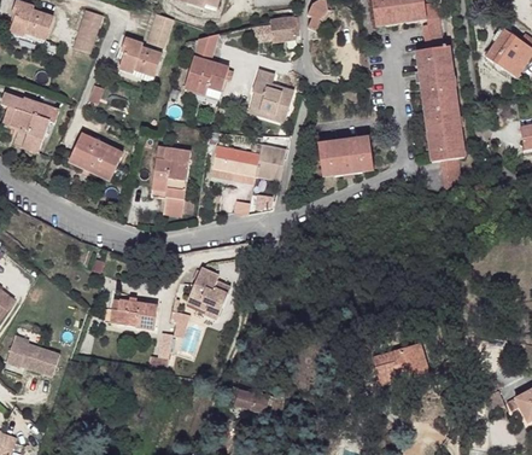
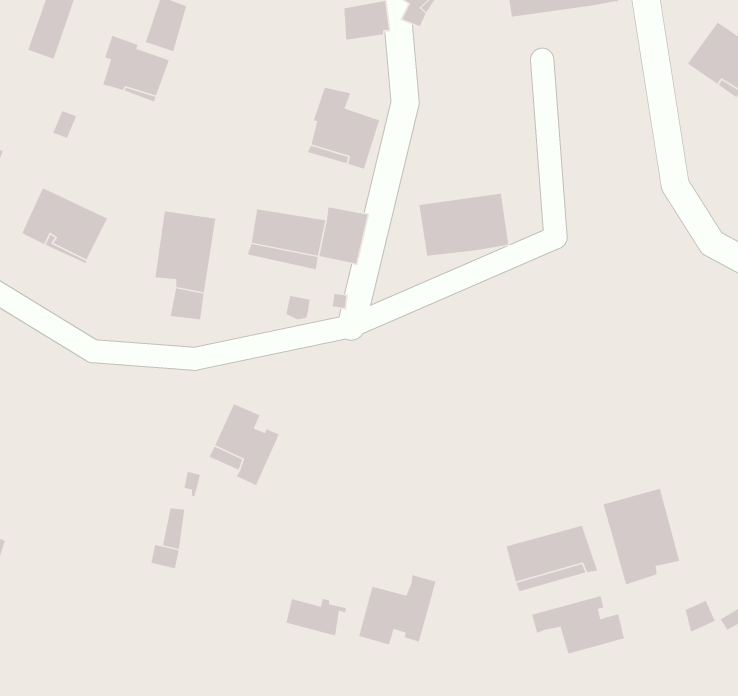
building: [416,23,464,193] -> none
building: [185,33,228,99] -> none
building: [116,301,157,329] -> none
building: none -> [602,488,680,585]
building: none -> [358,574,437,645]
building: none -> [531,595,625,654]

